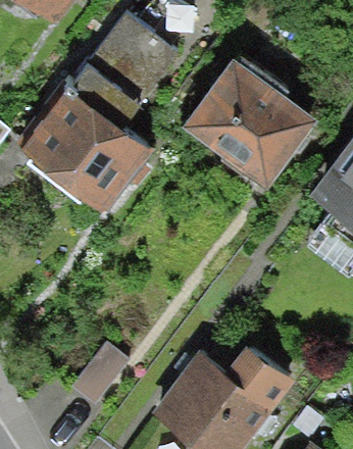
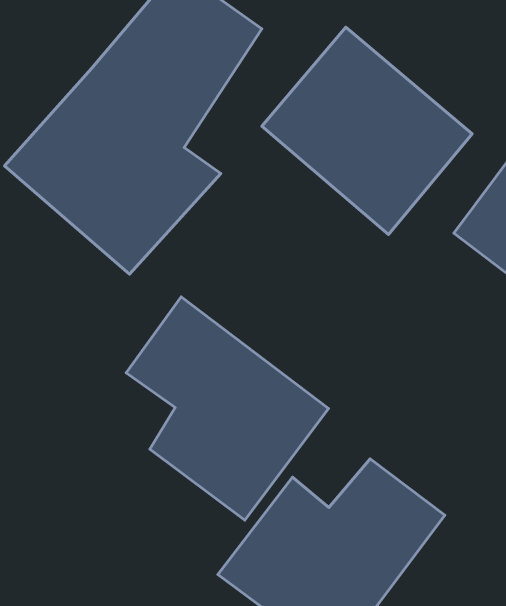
building: none -> [126,297,328,520]

